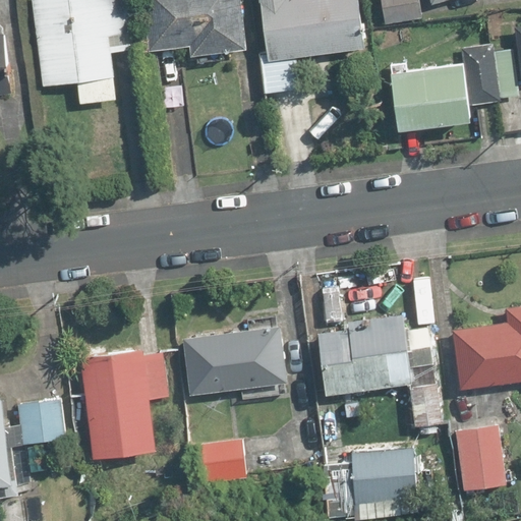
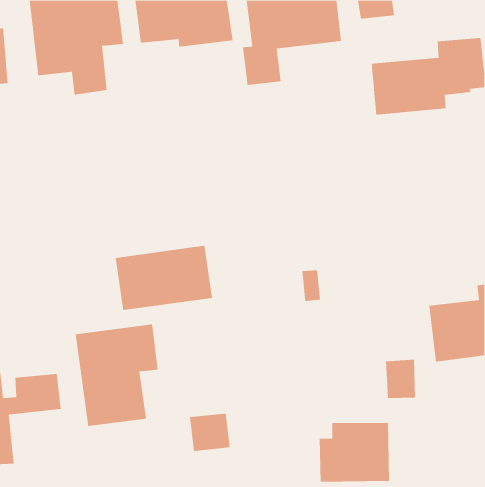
building: [319,312,430,394] -> none
building: [181,326,285,395] -> [115,245,213,311]
building: [456,425,506,490] -> none

